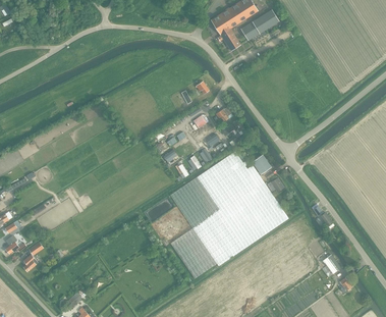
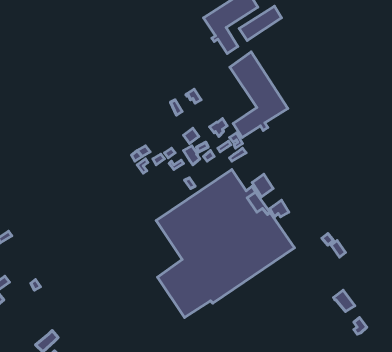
building: none -> [230,52,288,137]

